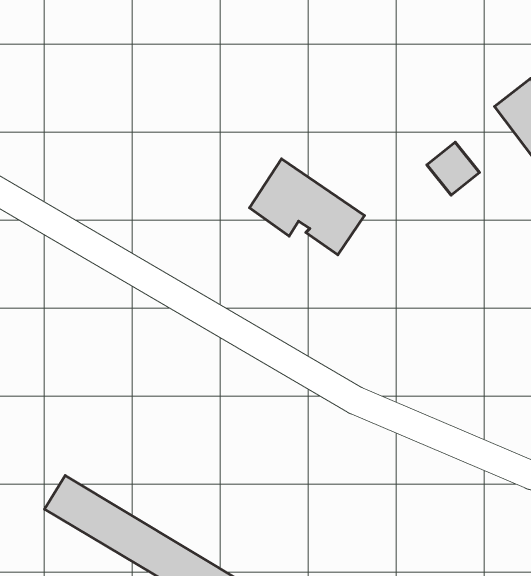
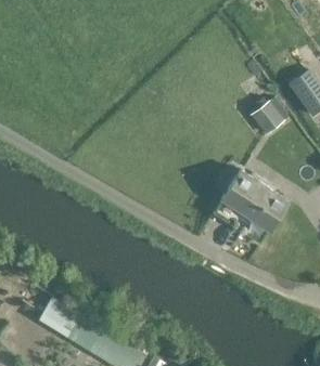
building: [249,159,364,255] -> [222,170,289,225]

